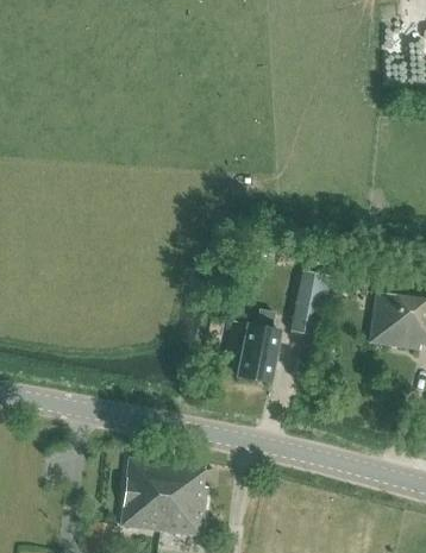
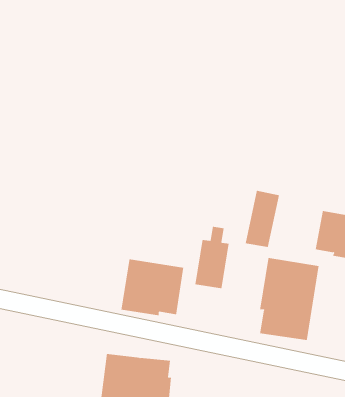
building: none -> [260,257,319,341]
building: none -> [121,258,184,316]

